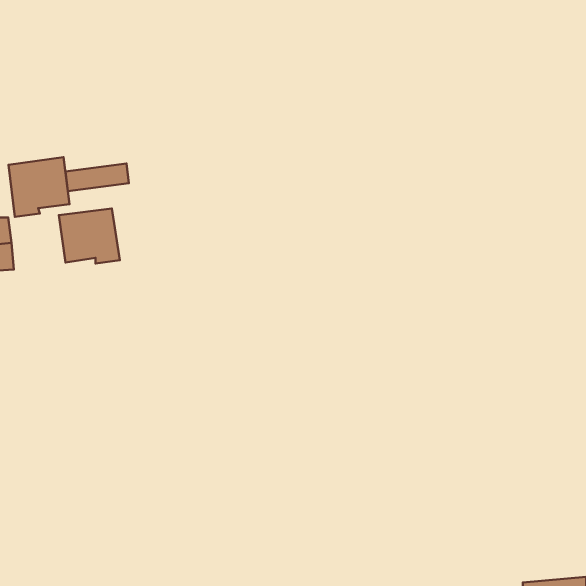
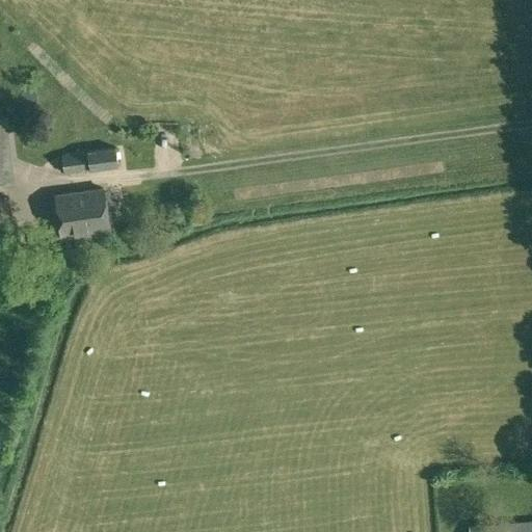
building: [9,157,69,217] -> none

